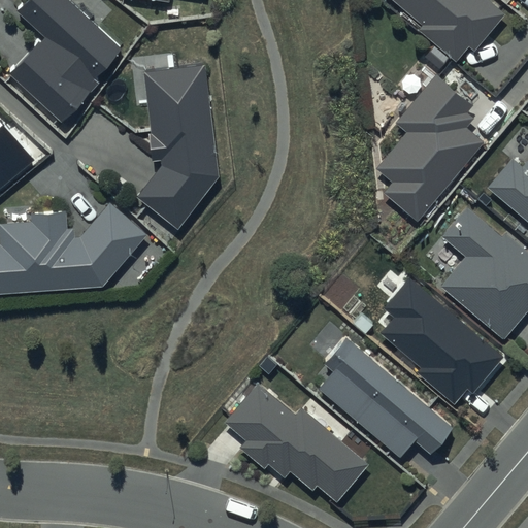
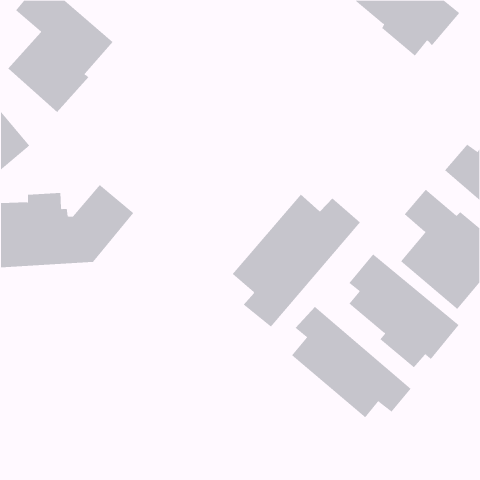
building: [138,63,219,229] -> none
building: [377,72,483,218] -> none
building: none -> [232,194,361,327]
building: [224,383,365,497] -> none

